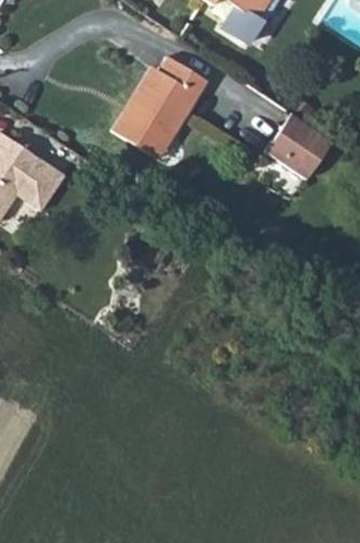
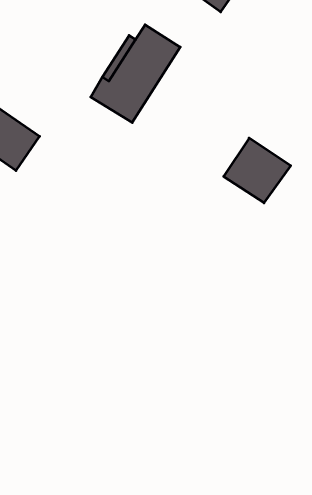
building: [263,115,332,181] -> [224,138,291,203]

